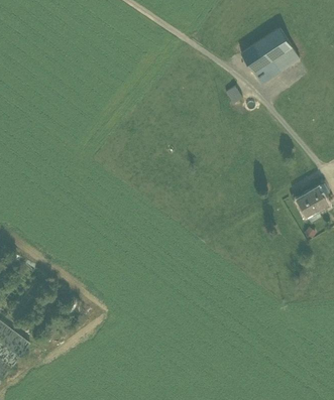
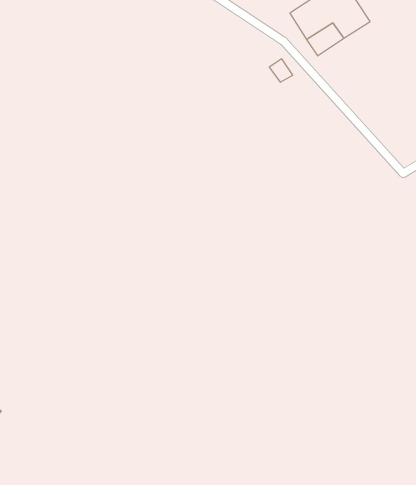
building: [296,185,328,215] -> none

